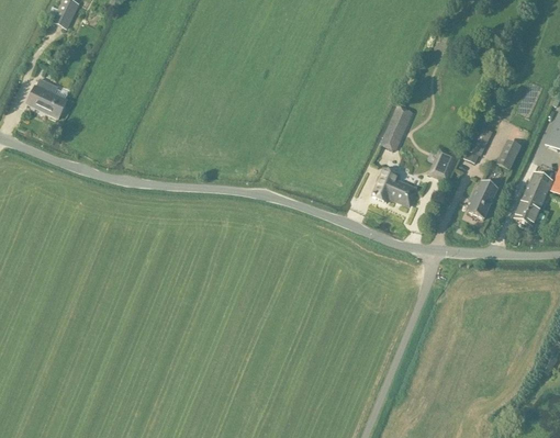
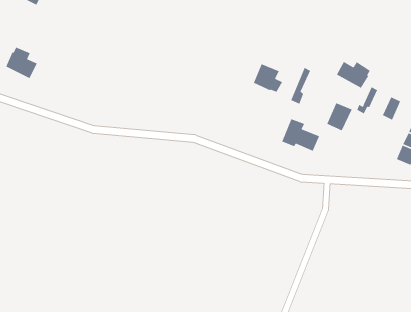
building: none -> [336,61,371,89]
building: none -> [253,63,283,93]
building: [468,180,499,218] -> none

